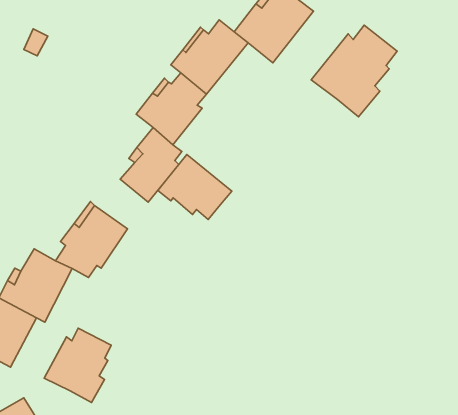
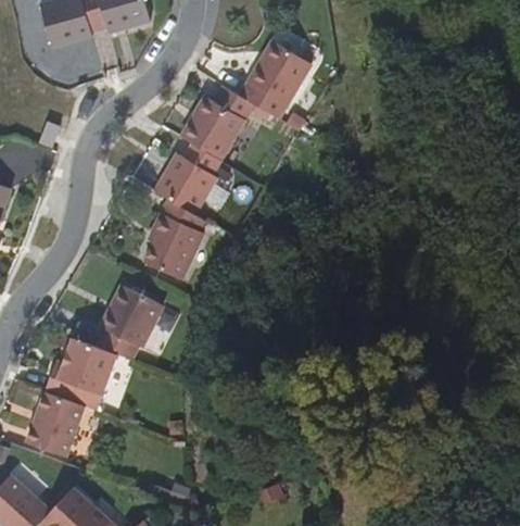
building: [311,25,397,117] -> none
building: [158,154,232,219] -> none
building: [44,328,111,403] -> none

